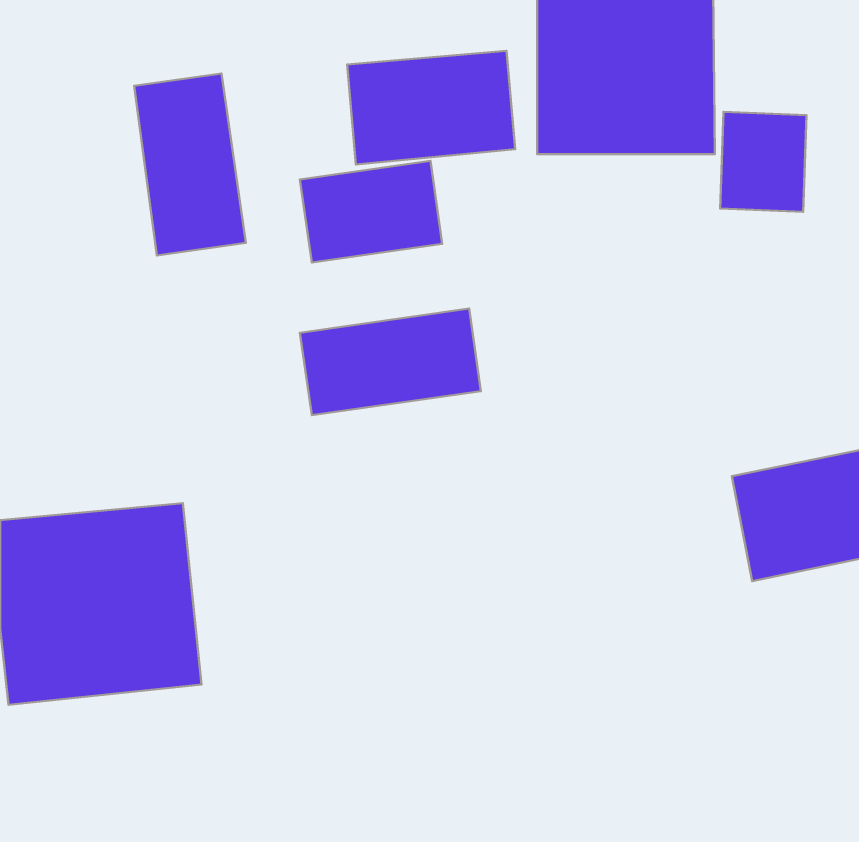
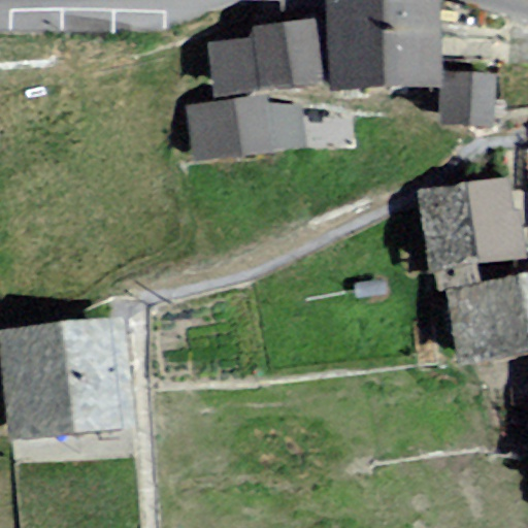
building: [134,73,246,255] -> none
building: none -> [420,178,522,274]
building: [300,309,481,415] -> none

